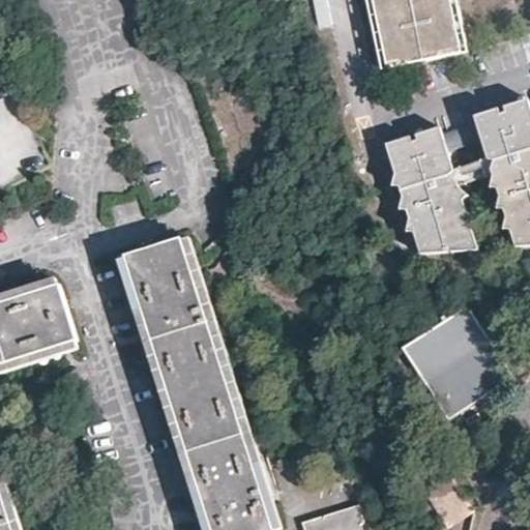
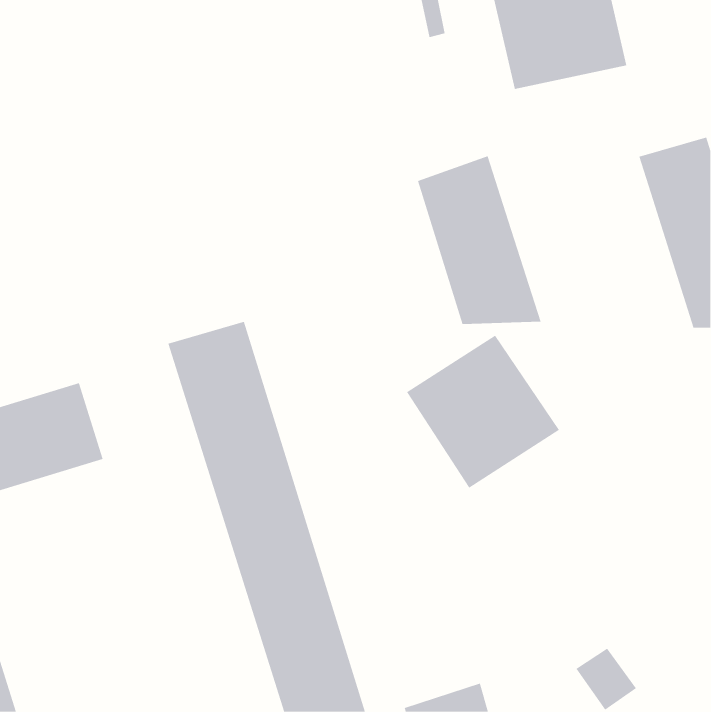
building: [384,125,476,251] -> [417,156,541,324]
building: [402,305,516,419] -> [406,335,560,488]

